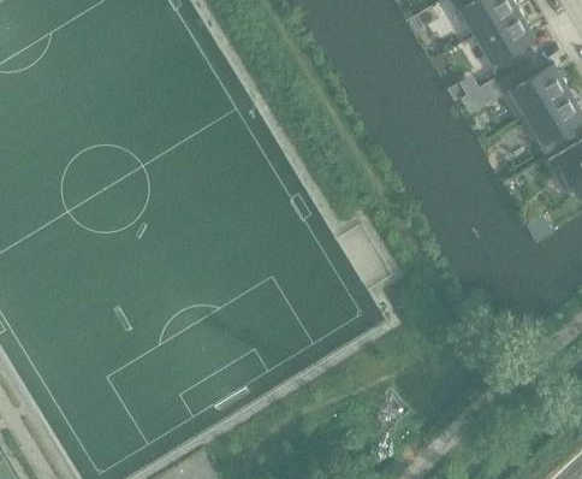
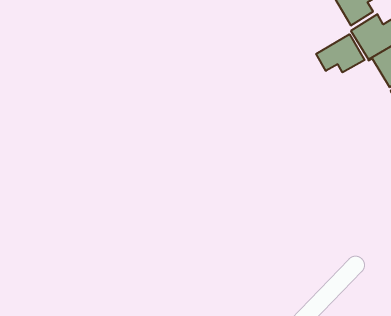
building: none -> [316,34,365,72]

